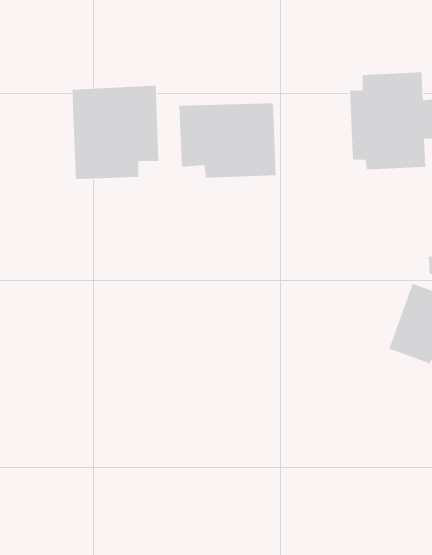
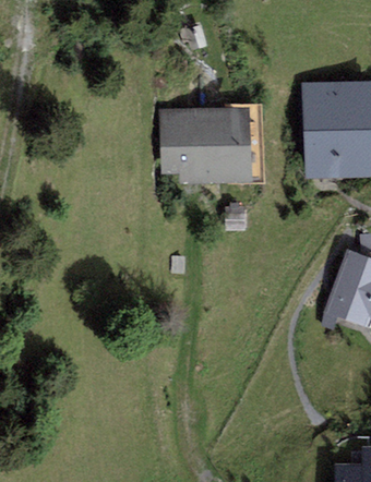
building: [72,85,159,180] -> none

